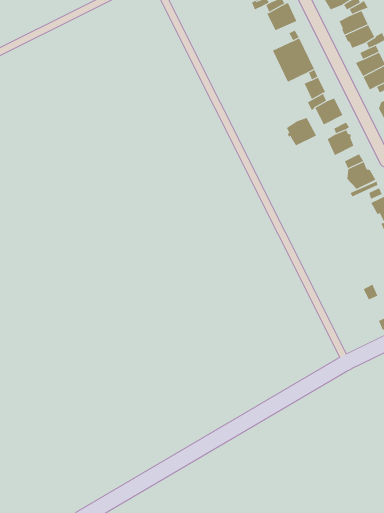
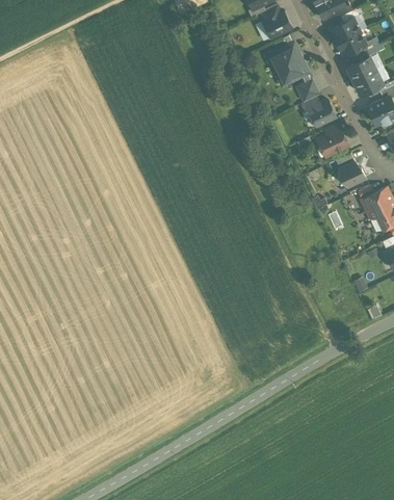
building: [286,117,317,146] -> none

